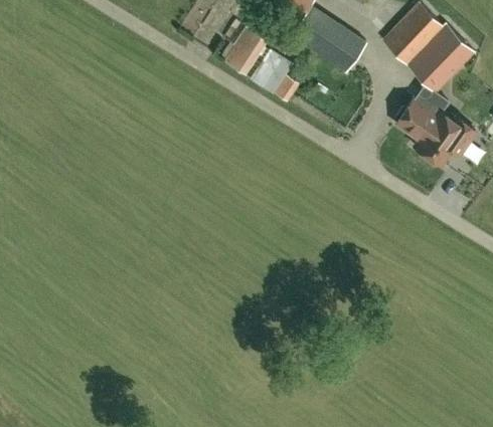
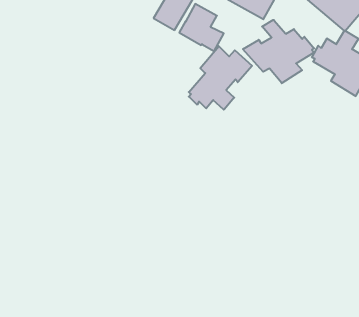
building: none -> [243,20,314,83]
building: none -> [189,46,252,110]

